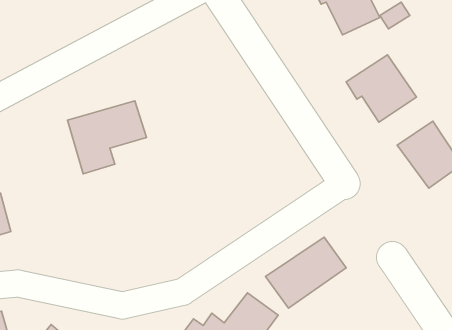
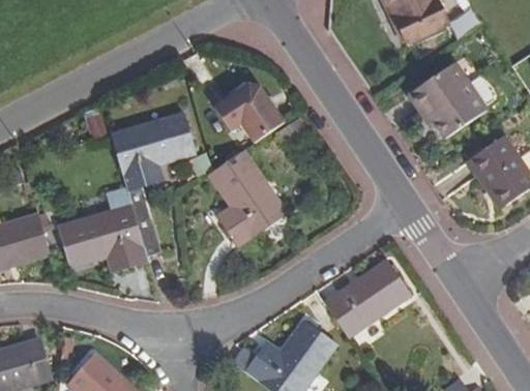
building: none -> [211,76,282,147]
building: none -> [212,152,286,247]
building: none -> [59,206,147,272]

